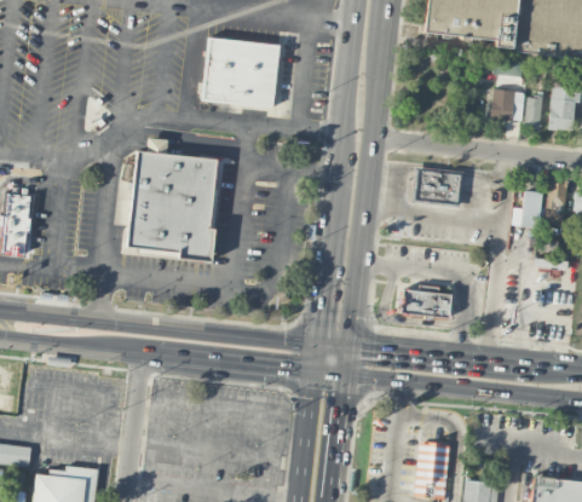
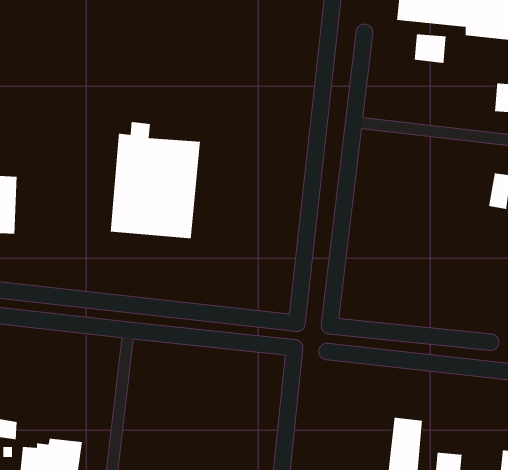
building: [201,35,281,108] -> none
building: [491,90,525,121] -> [414,33,447,64]
building: [413,168,462,204] -> none
building: [401,285,451,317] -> none

